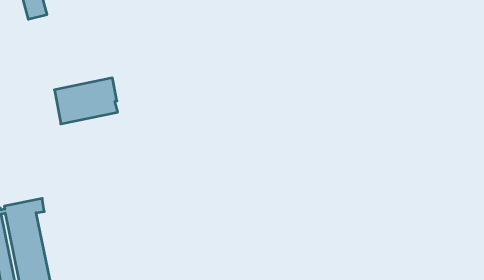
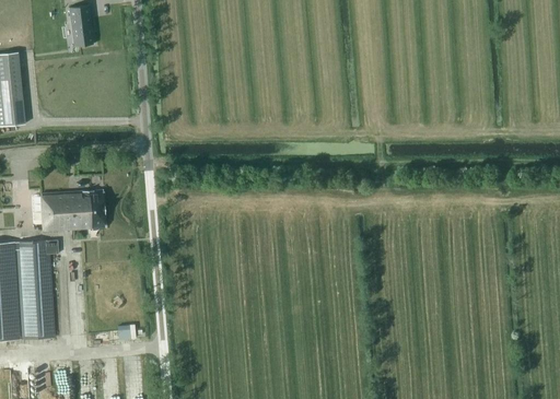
building: [54,78,118,124] -> [38,188,103,228]

